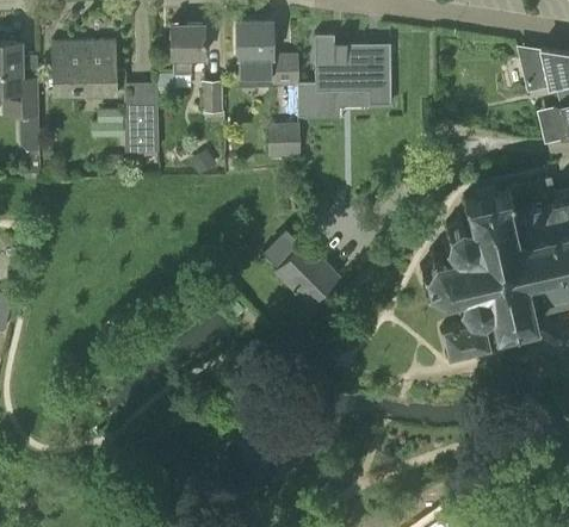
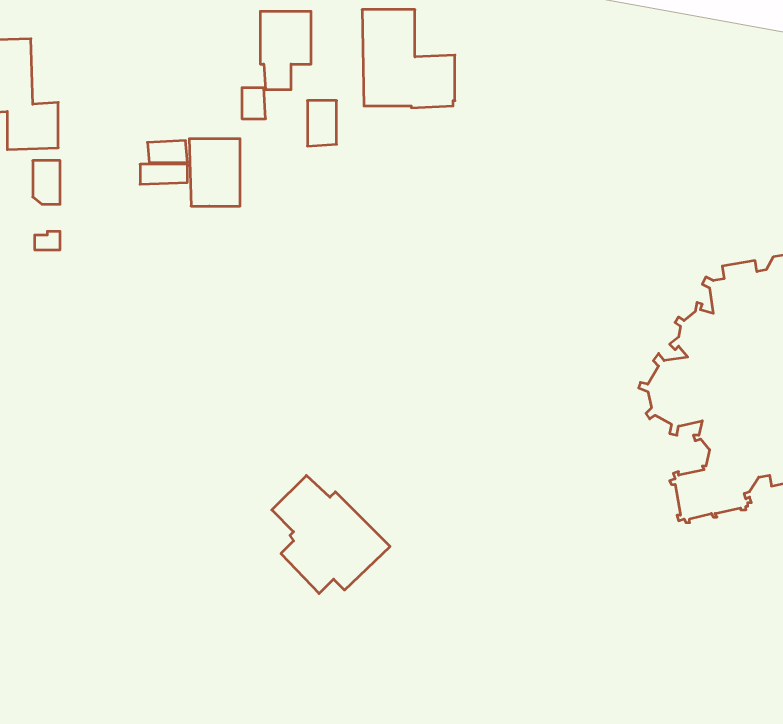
building: [298,35,394,117] -> none
building: [52,41,126,94] -> none
building: [270,125,298,156] -> none
building: [264,229,341,306] -> [272,475,390,594]

